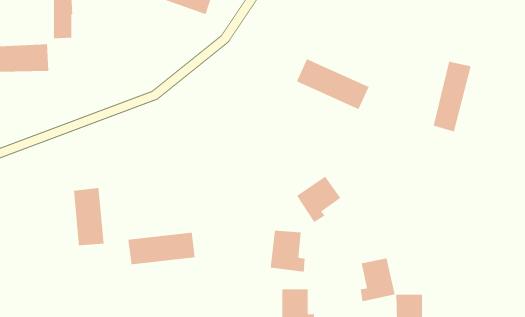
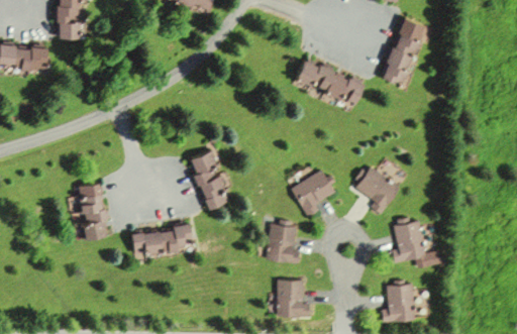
building: [433,61,471,132] -> [383,17,420,86]
building: none -> [188,146,236,210]
building: none -> [353,166,401,212]
building: [360,258,395,302] -> [393,220,427,262]

